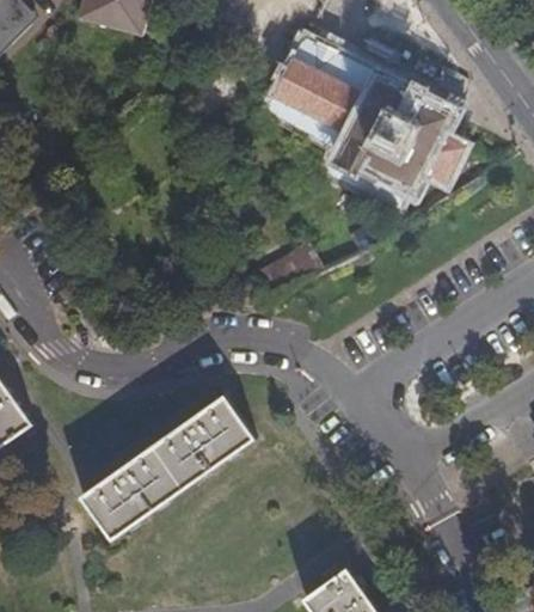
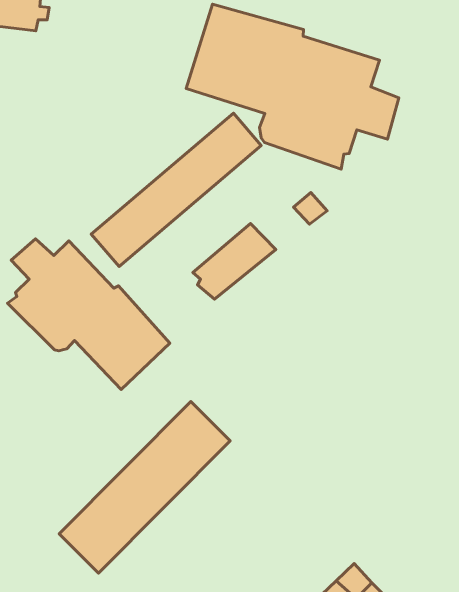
building: none -> [91,113,261,267]
building: none -> [7,239,170,389]

